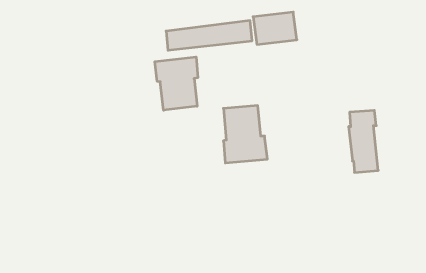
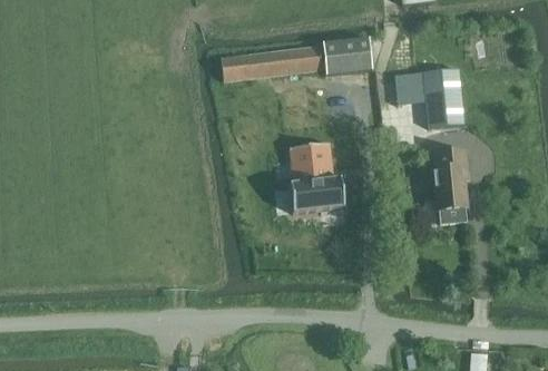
building: none -> [393,68,463,126]
building: [155,57,198,110] -> none

